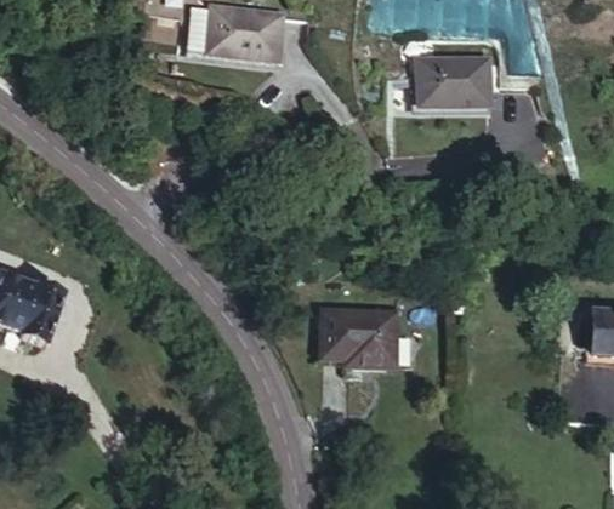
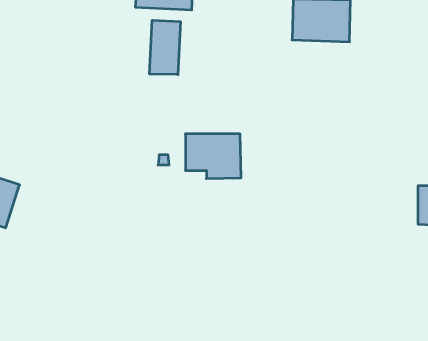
building: none -> [150,20,180,75]
building: [318,305,392,365] -> [185,134,241,179]

